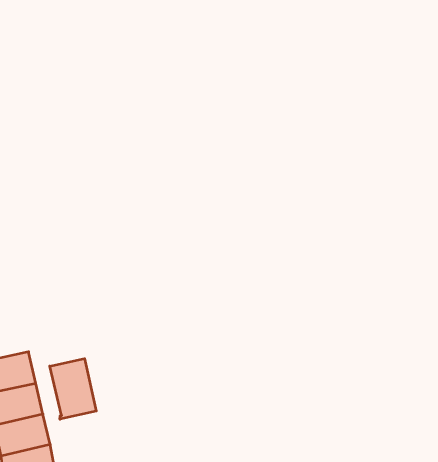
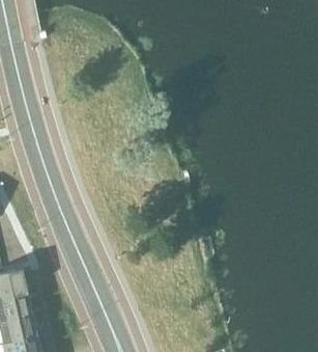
building: [50,359,96,419] -> none

